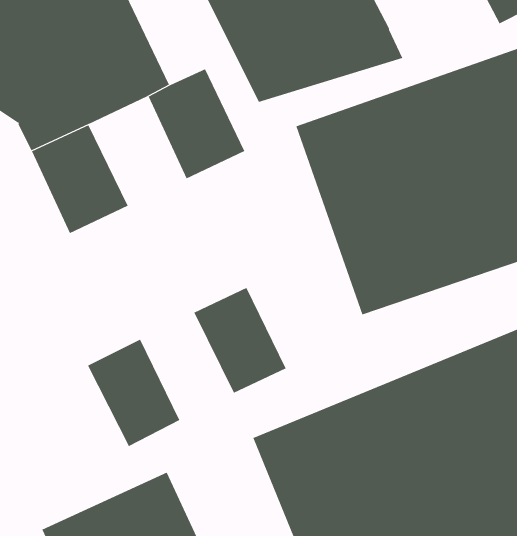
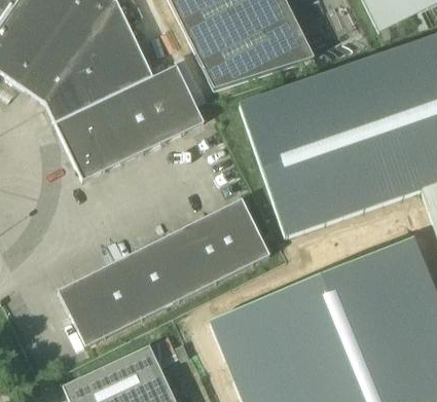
building: none -> [96,82,163,158]
building: none -> [206,196,270,271]
building: none -> [132,232,196,307]
building: none -> [58,269,123,344]

